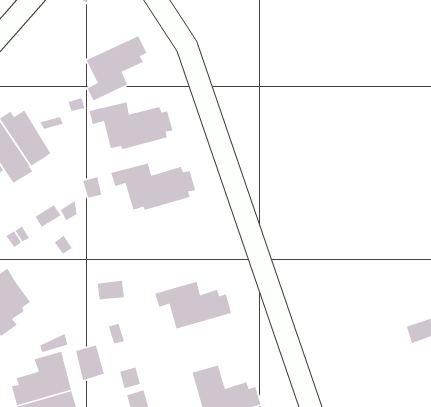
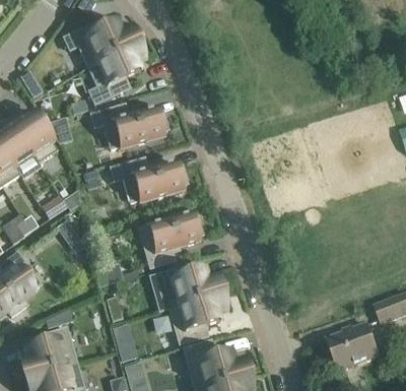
building: none -> [63,21,135,65]
building: none -> [138,212,202,266]
building: none -> [168,294,224,342]
building: [75,345,105,381] -> none
building: none -> [326,323,379,371]

